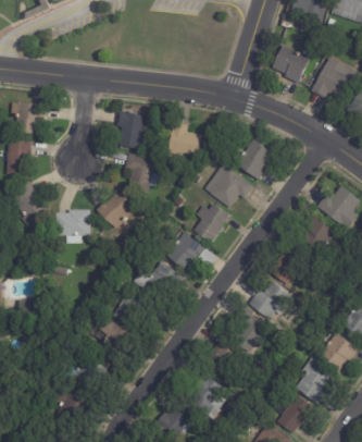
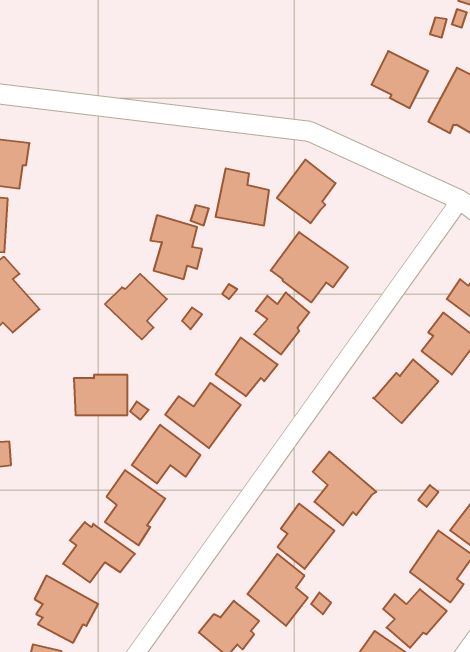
building: [117,110,147,148] -> none
building: [237,137,275,179] -> [277,160,336,223]
building: [57,209,91,235] -> [74,375,127,415]
building: [250,280,291,319] -> none

